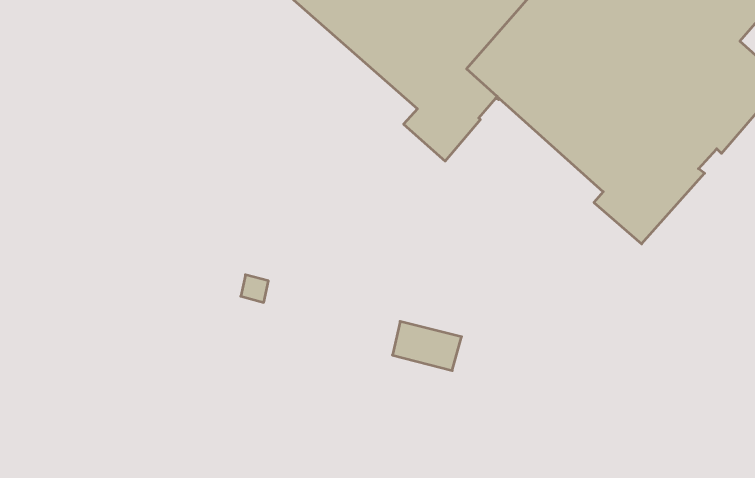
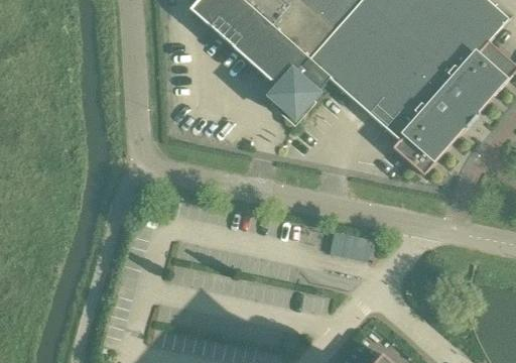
building: [392,321,462,371] -> [333,228,378,260]

